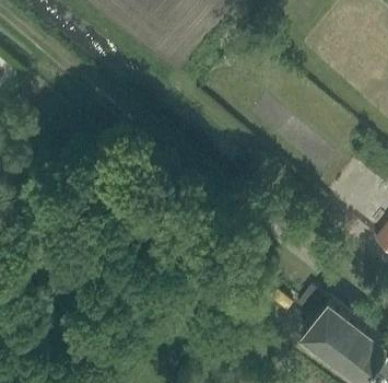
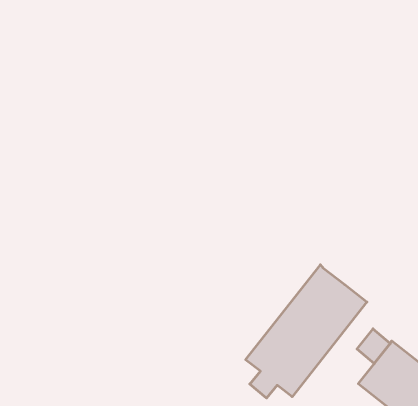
building: none -> [246,265,367,398]

